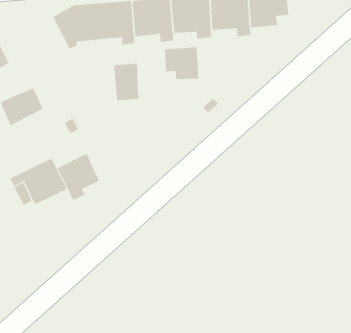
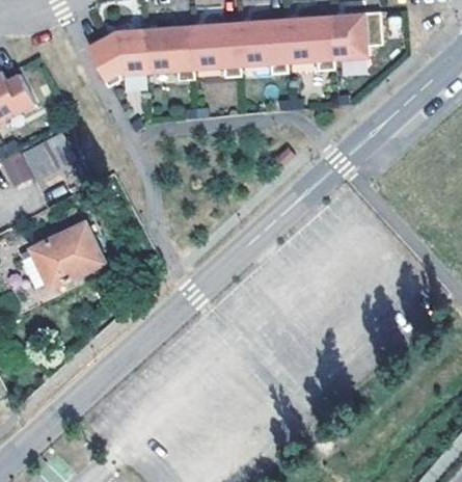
building: [164,47,199,80] -> none
building: [113,63,139,101] -> none
building: [57,153,100,200] -> none

